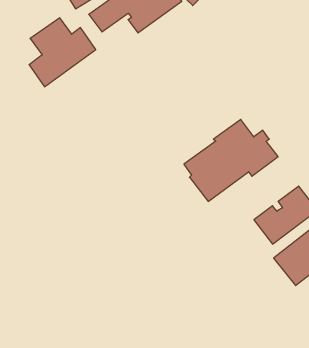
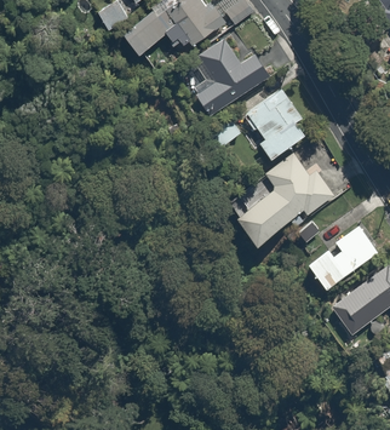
building: [29,18,96,87] -> [194,39,268,115]
building: none -> [242,87,304,160]

